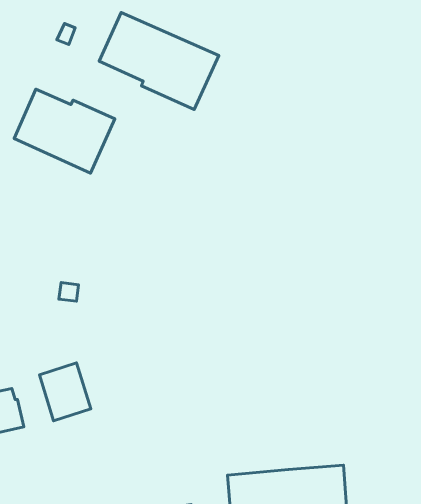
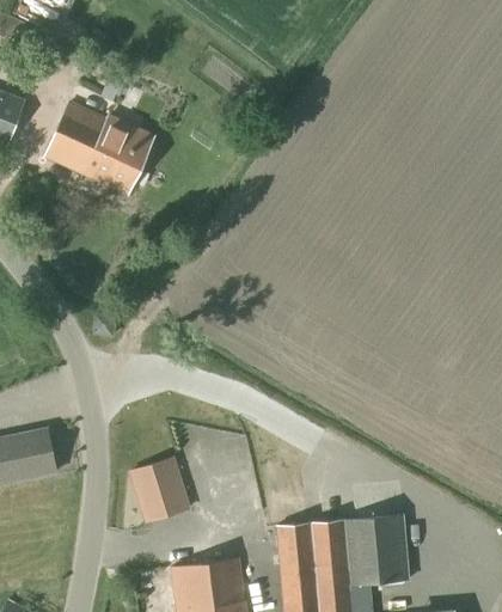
building: [99,13,219,109] -> none
building: [39,363,91,421] -> [131,458,188,521]

